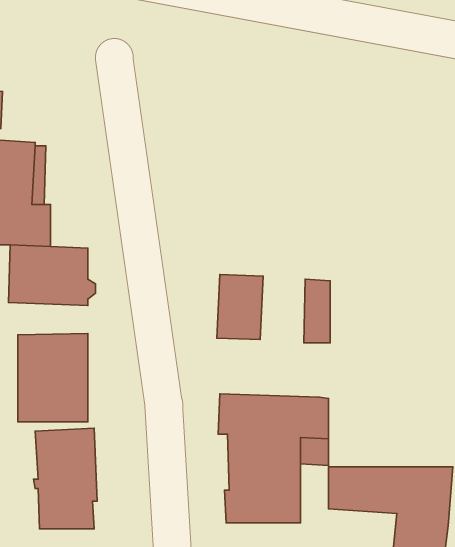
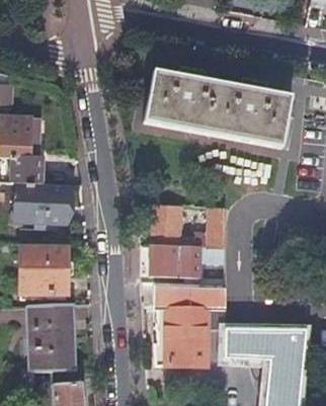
building: none -> [145,66,292,149]
building: none -> [151,245,200,277]

